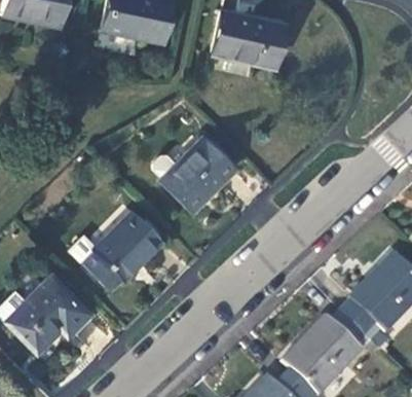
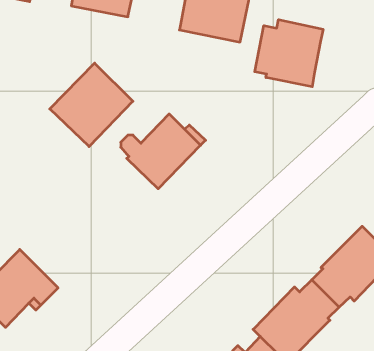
building: none -> [255,20,323,87]
building: none -> [50,63,133,147]
building: [69,215,161,294] -> none

